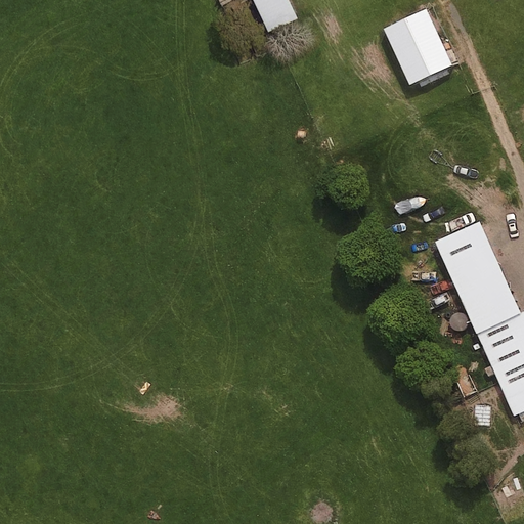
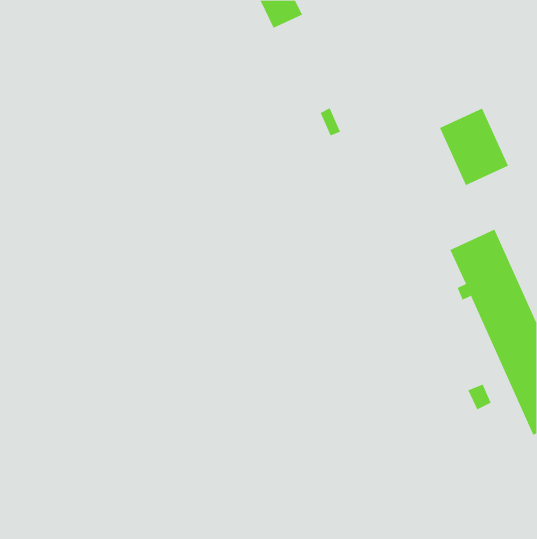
building: [385,9,452,85] -> [439,108,509,186]

